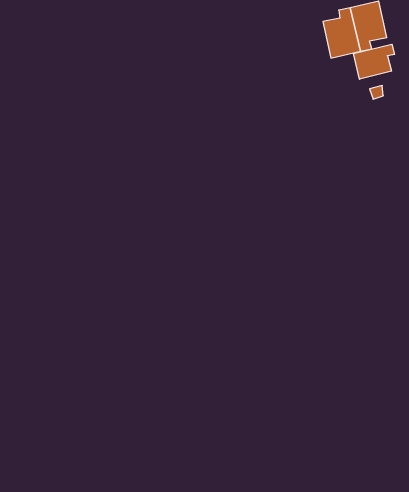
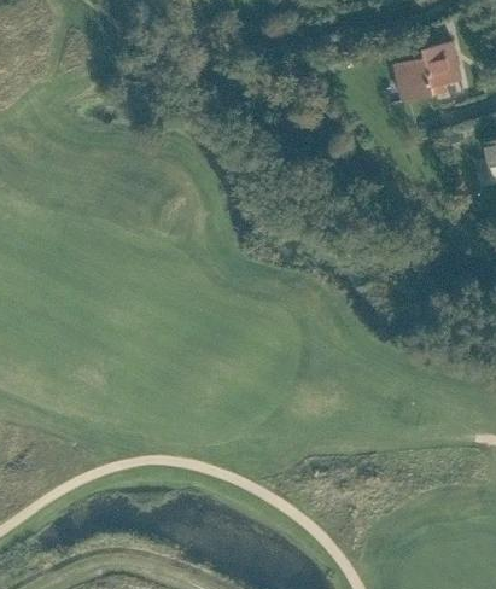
building: [354,44,395,79] -> none

